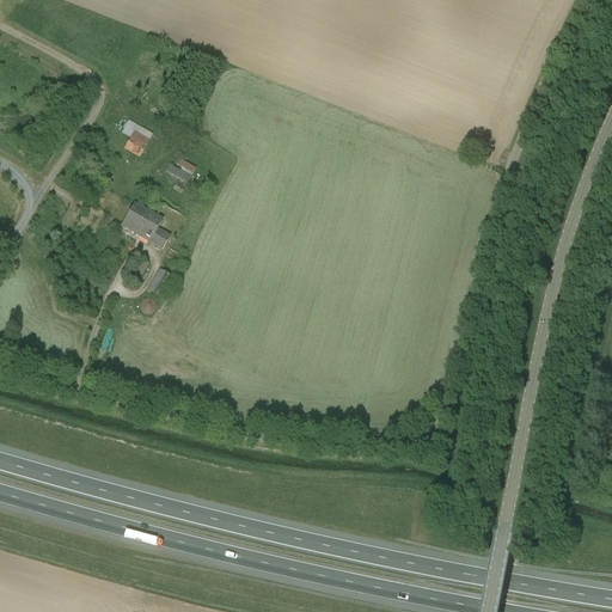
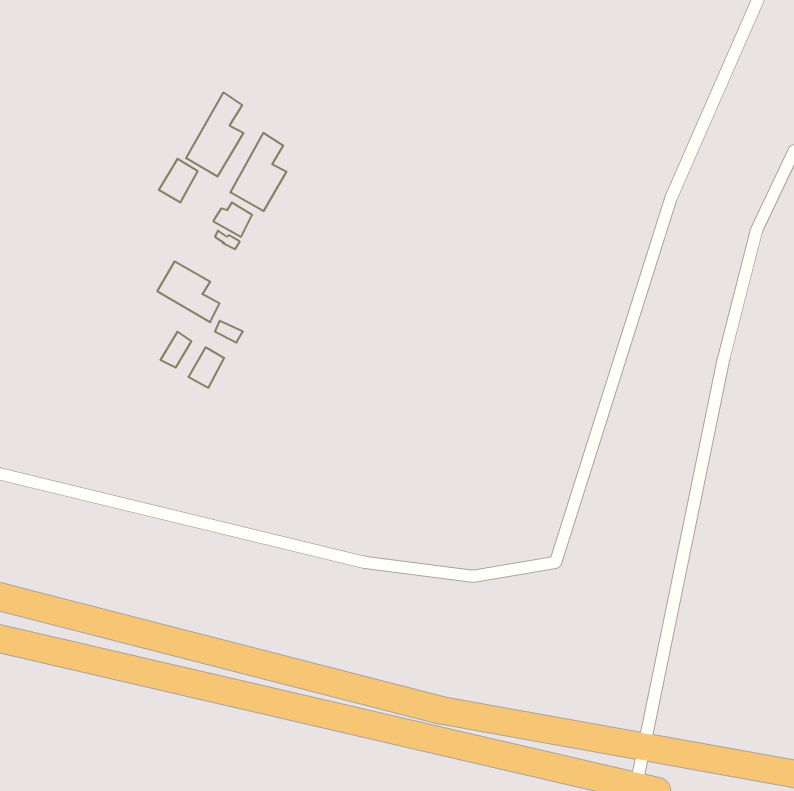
building: none -> [186,92,243,177]
building: none -> [230,133,287,211]

